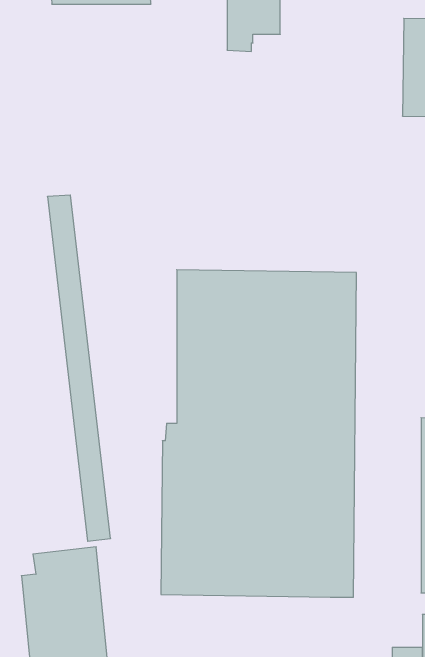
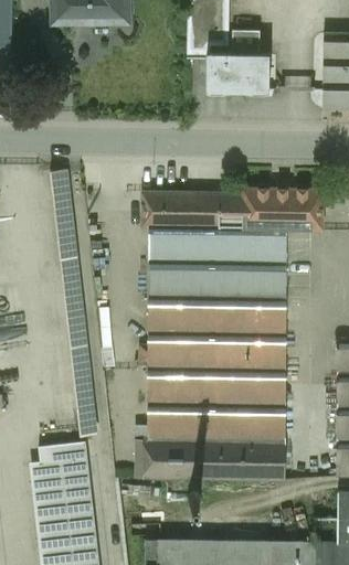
building: none -> [205,31,268,93]
building: none -> [141,188,324,230]

